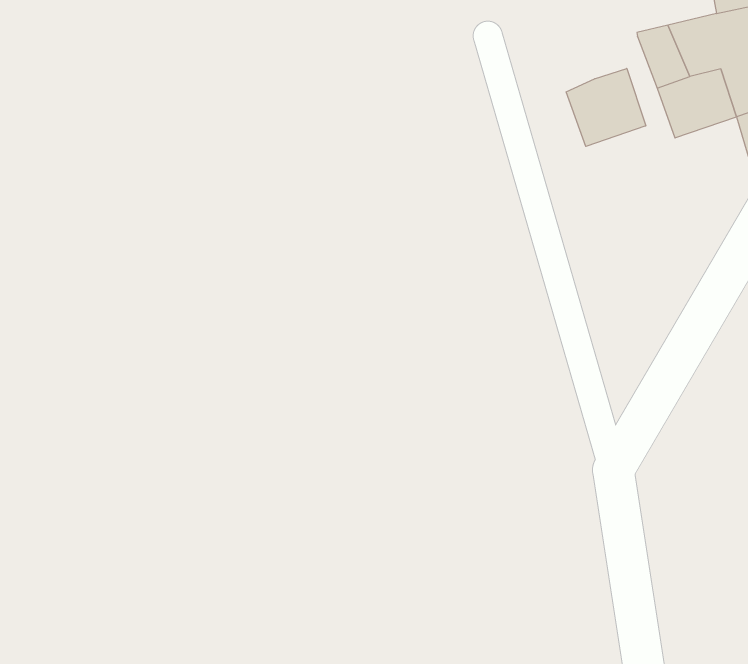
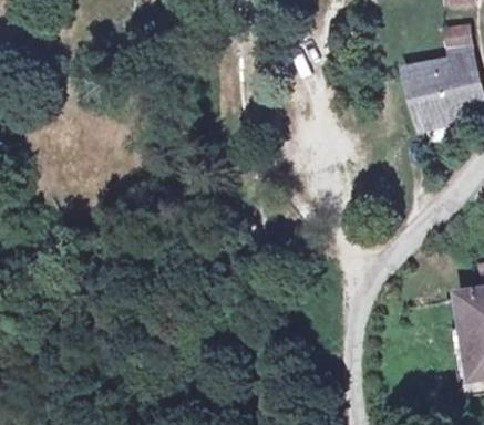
building: [566,68,646,146] -> none

